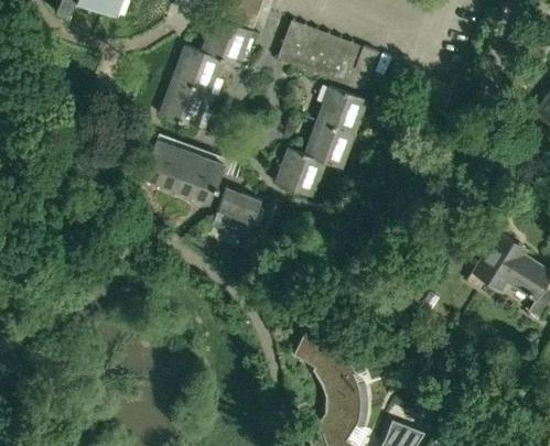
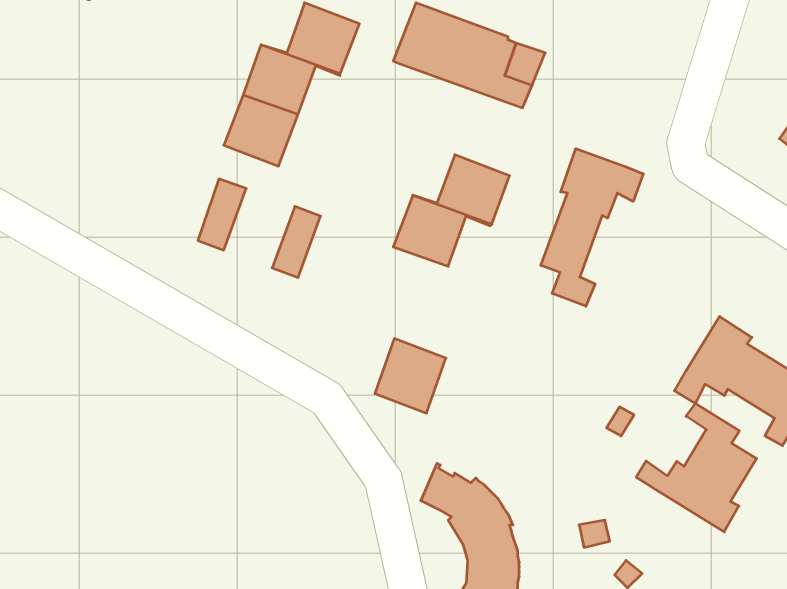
building: [317,87,367,135] -> none
building: none -> [541,149,643,306]
building: [160,144,208,198] -> none
building: [213,187,261,238] -> [375,339,446,413]
building: none -> [636,404,757,532]

